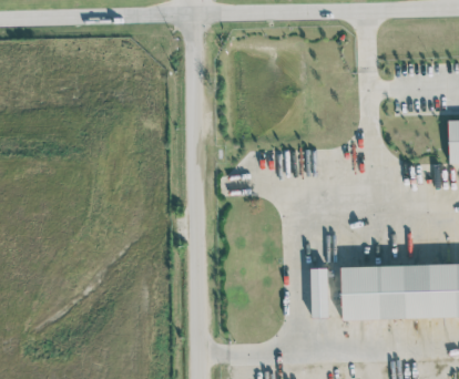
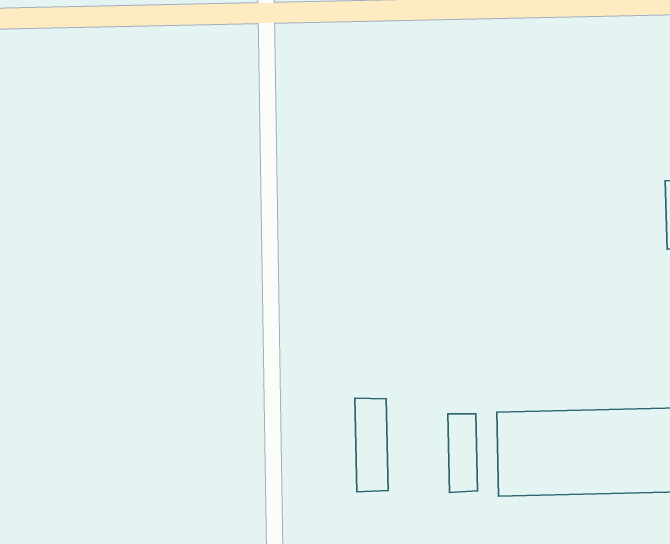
building: none -> [355,398,388,492]

